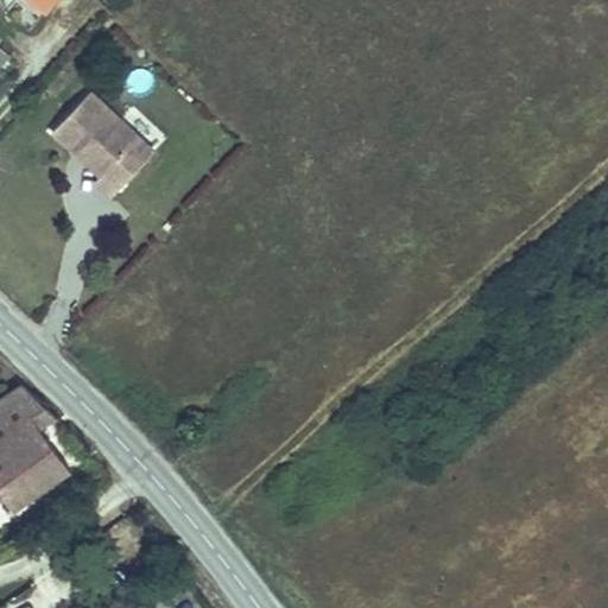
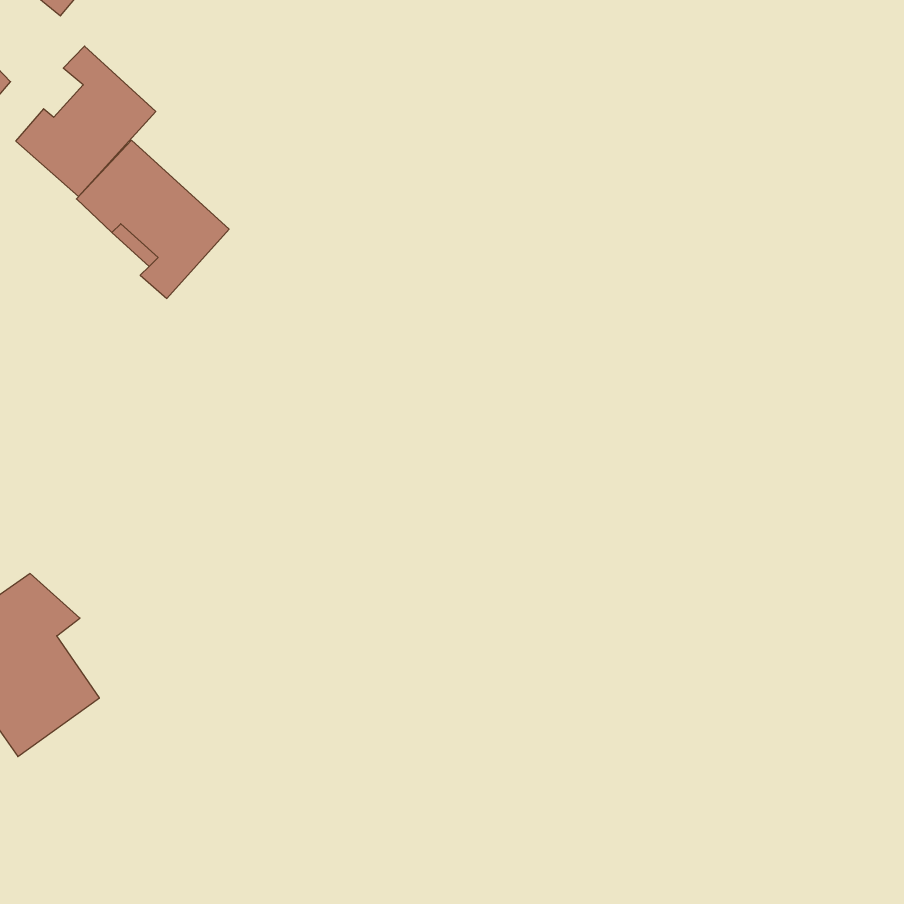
building: none -> [16,46,156,196]

